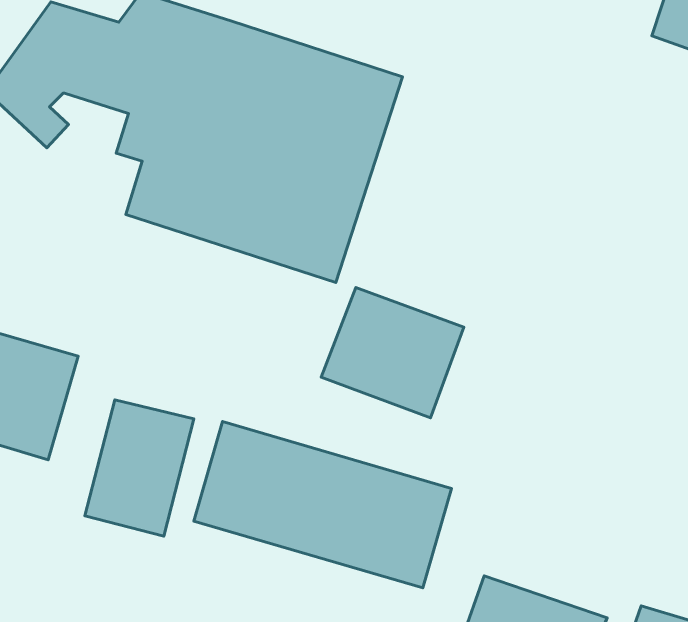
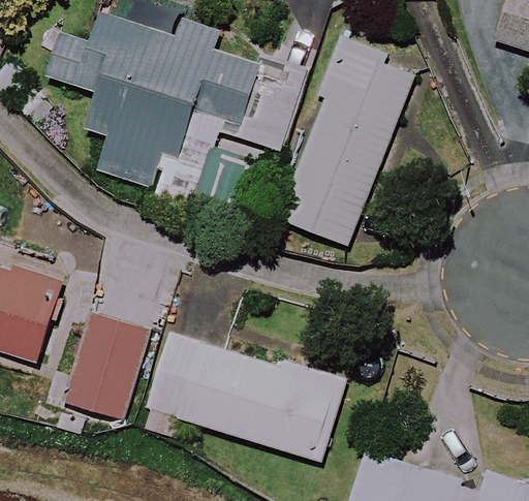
building: none -> [277,40,414,245]
building: [321,287,464,418] -> none

